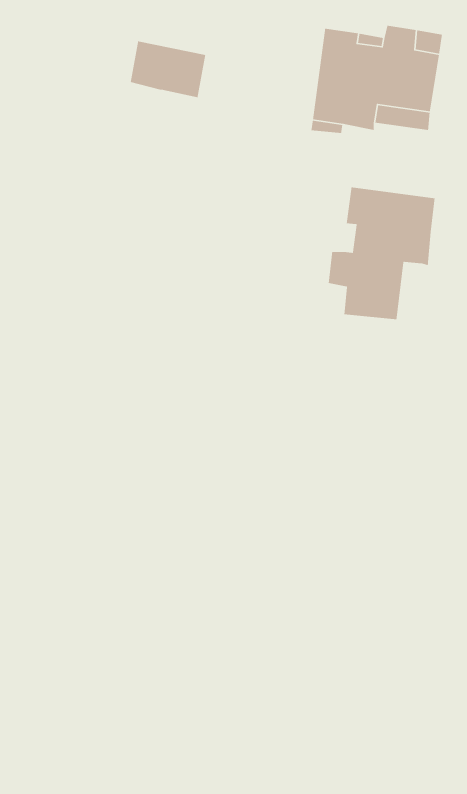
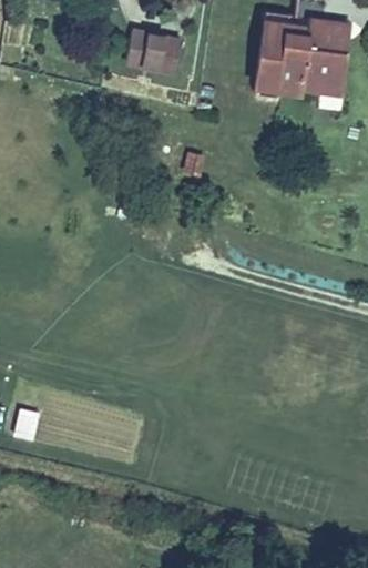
building: [328,186,436,320] -> none

